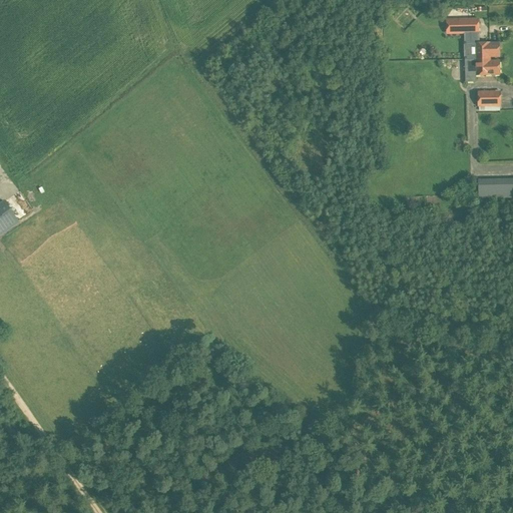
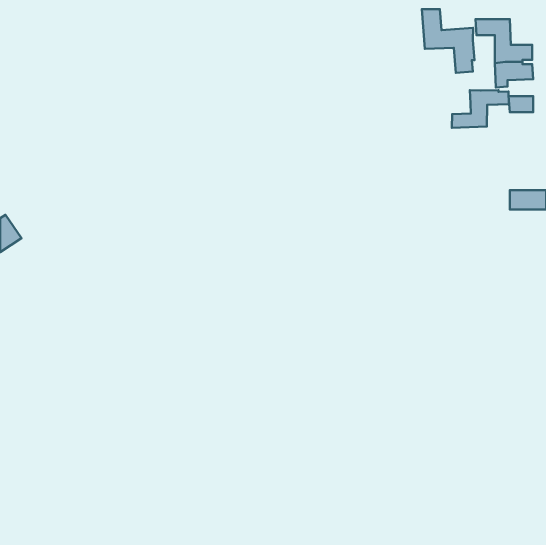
building: none -> [422,9,474,73]
building: none -> [452,90,509,128]

